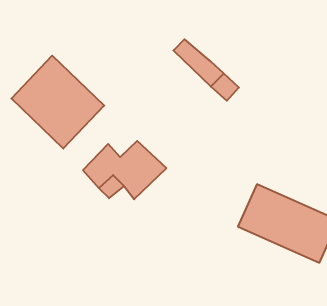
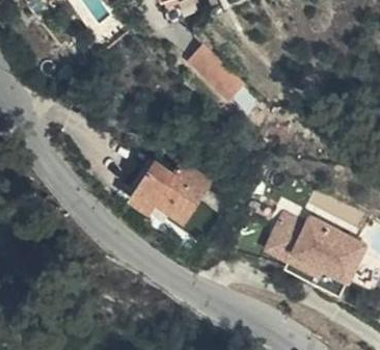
building: [11,56,104,149] -> none

